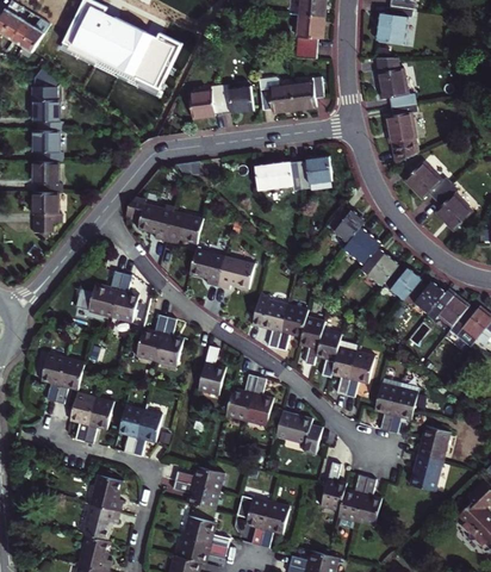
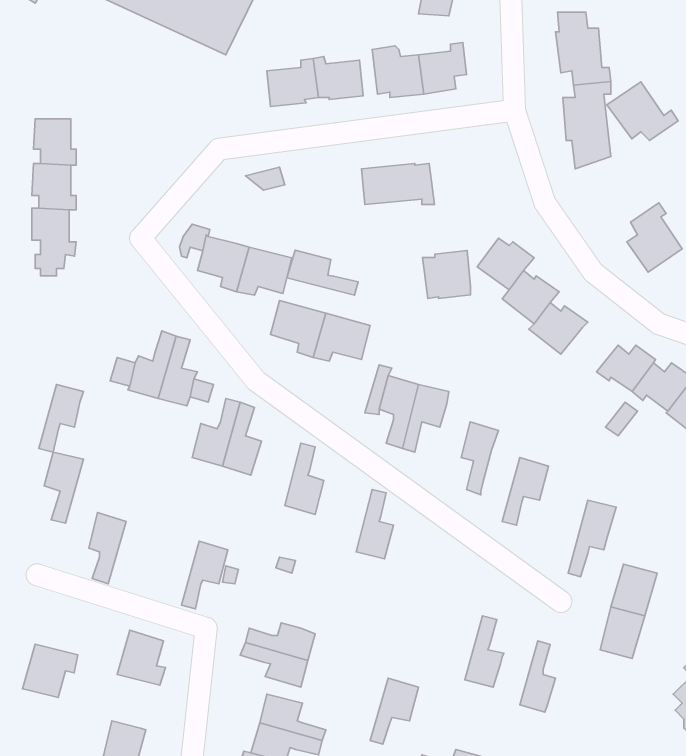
building: [31,67,62,129] -> none
building: [297,154,329,186] -> [422,250,471,299]
building: [403,158,450,198] -> [607,82,678,141]
building: none -> [287,250,358,295]
building: [385,267,425,298] -> none
building: [302,319,327,366] -> none
building: [332,350,358,398] -> none
building: [54,356,83,402] -> [39,384,83,452]
building: [228,374,259,418] -> none
building: [377,379,403,433] -> none
building: [82,398,113,442] -> none
building: [118,406,143,454] -> none
building: [278,414,322,455] -> none
building: [338,474,369,529] -> none
building: [237,496,269,545] -> none
building: [80,500,117,536] -> [23,644,78,698]

